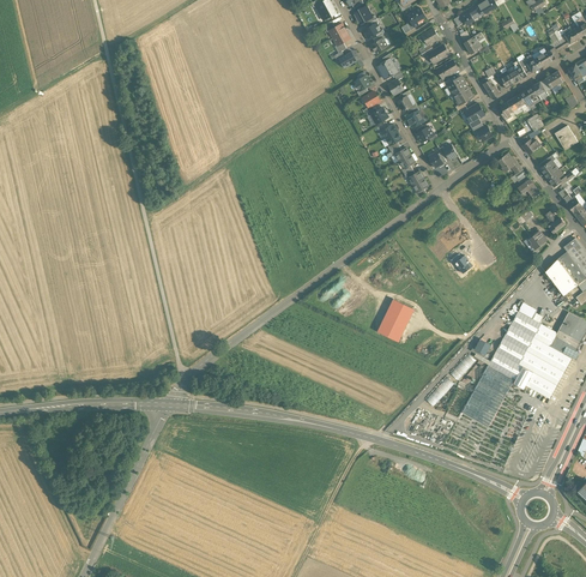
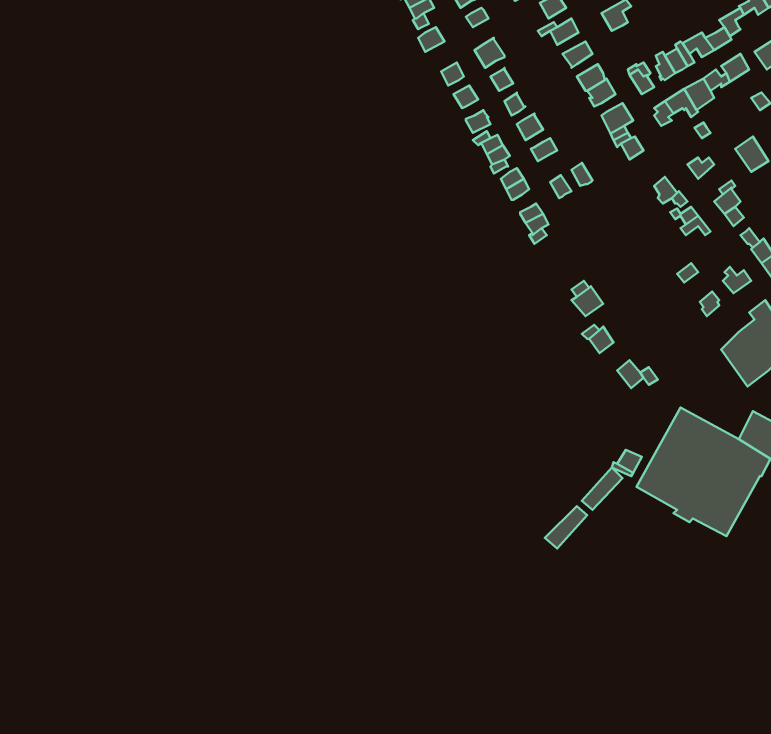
building: [377,297,413,341] -> none
building: [463,363,514,426] -> none

